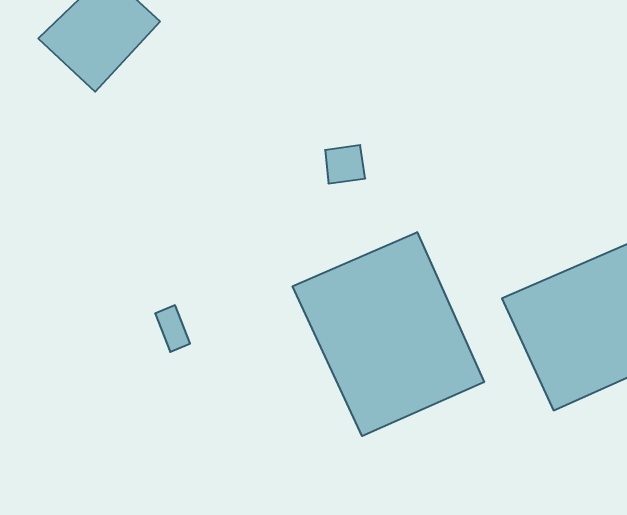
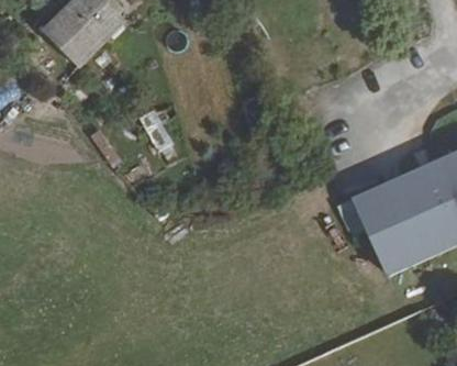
building: [293,232,484,436] -> none

